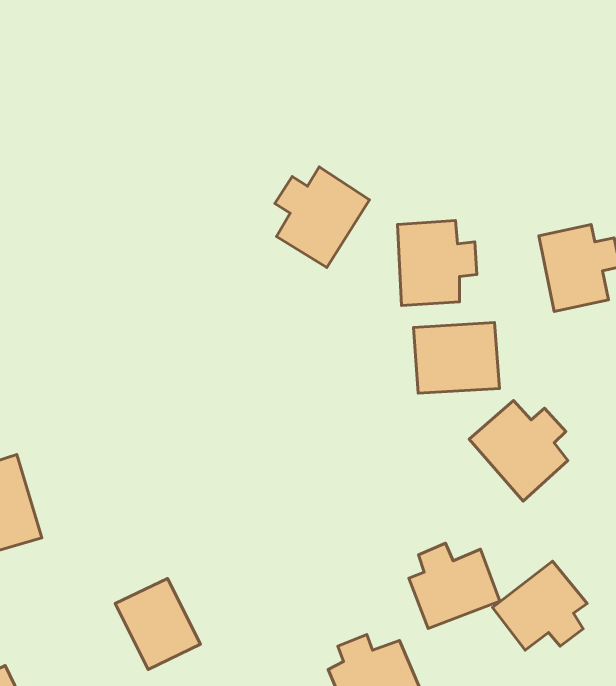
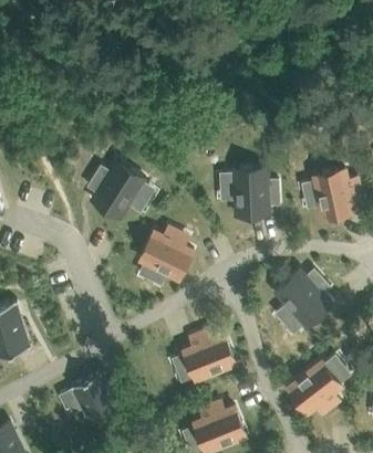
building: [275,167,369,267] -> [91,161,145,219]
building: [413,323,499,393] -> none
building: none -> [141,228,194,280]
building: [409,543,500,628] -> [184,331,236,380]

